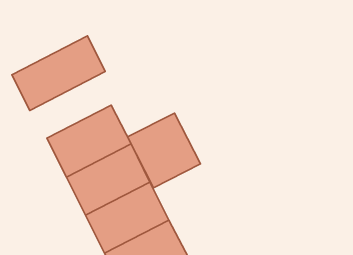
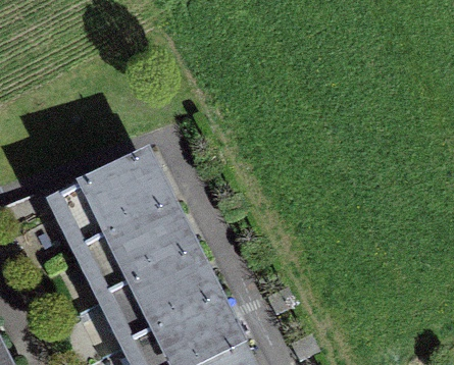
building: [12,36,105,110] -> none
building: [127,113,200,188] -> none

